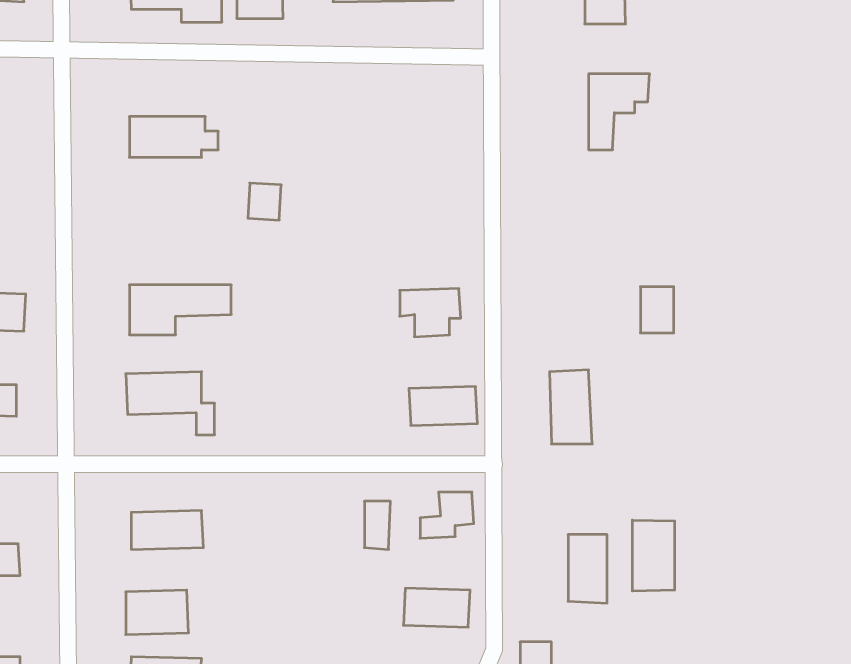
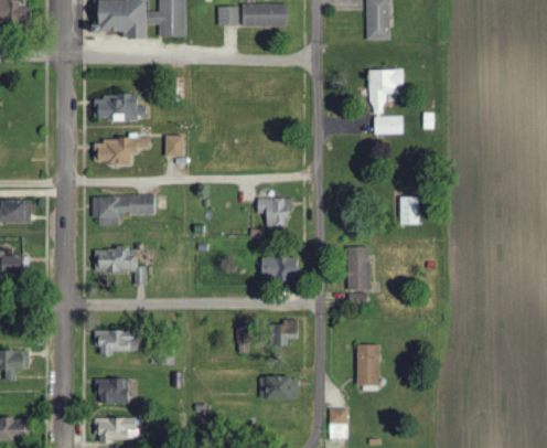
building: none -> [372,116,401,134]
building: none -> [95,139,139,163]
building: [632,520,675,591] -> none

